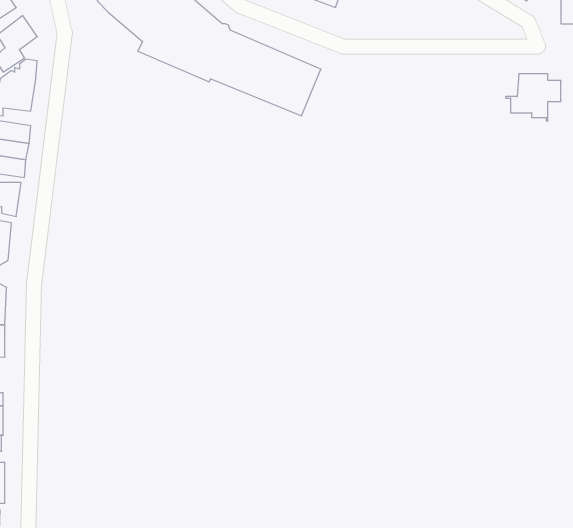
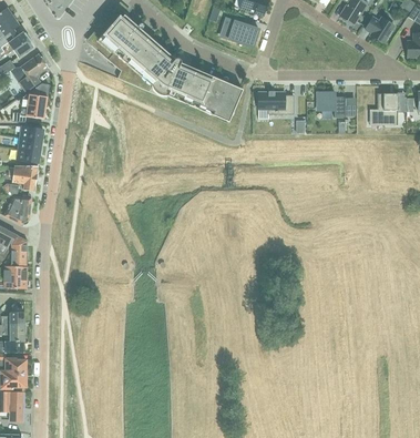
building: none -> [258,90,294,118]
building: none -> [317,91,346,115]

